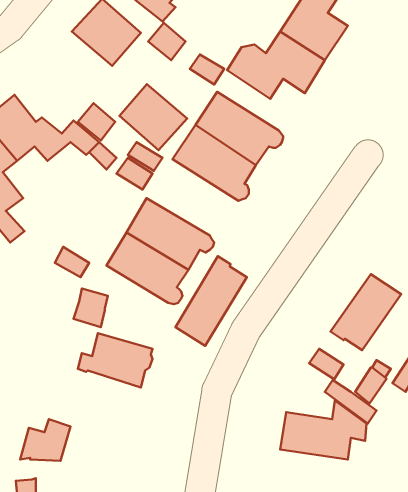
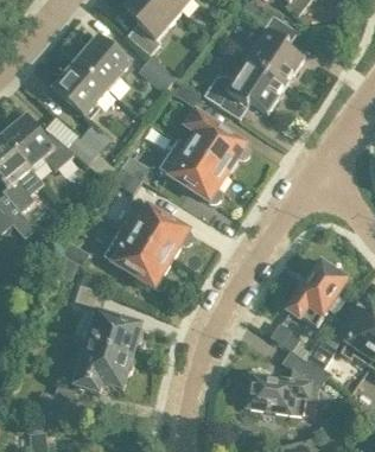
building: [120,84,187,150] -> [52,62,108,116]
building: [175,256,247,346] -> none
building: none -> [75,342,133,391]

